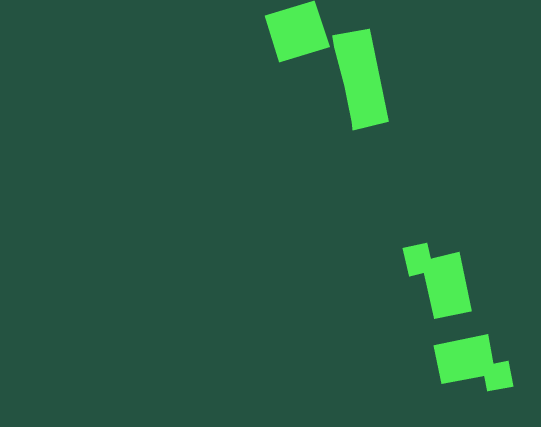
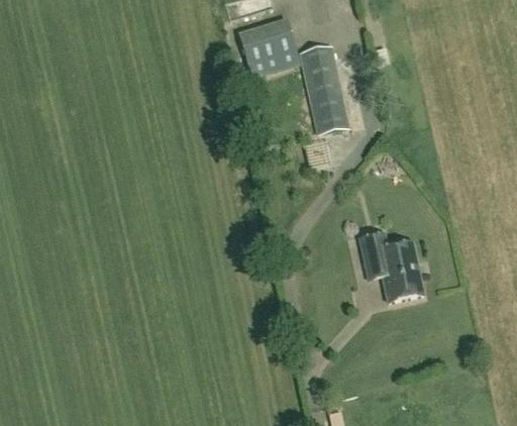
building: [432,333,514,392] -> none

